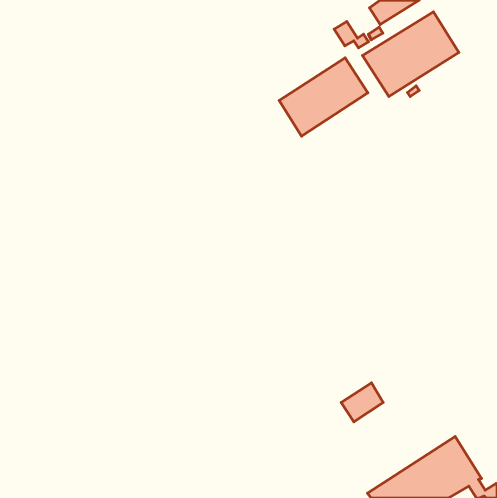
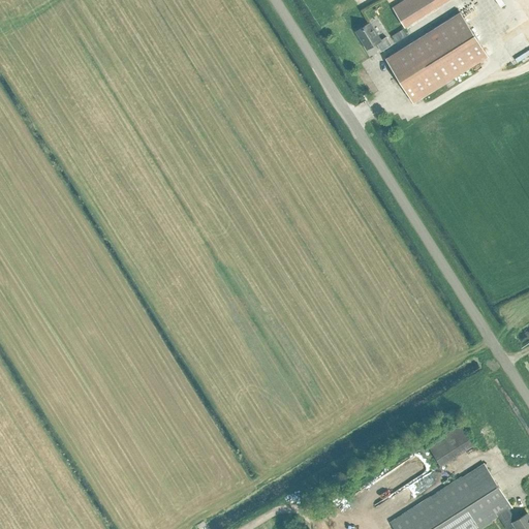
building: [279,58,368,136] -> none
building: [341,383,383,422] -> [427,425,471,466]

